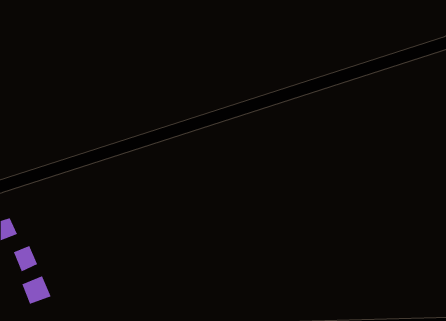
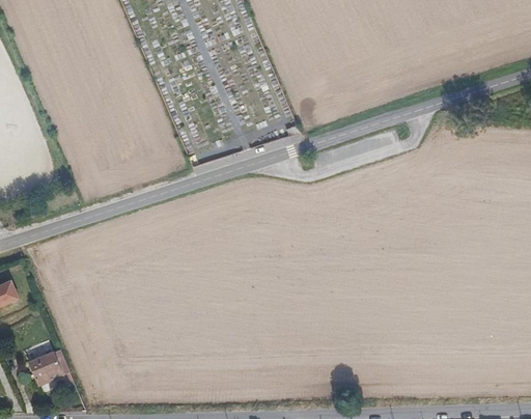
building: [13,245,38,272] -> none

